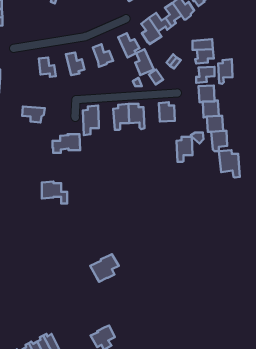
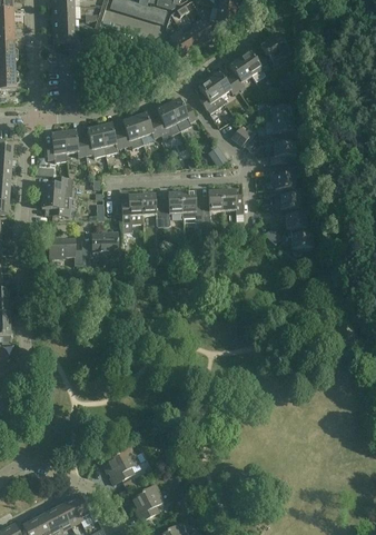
building: none -> [119,117,142,148]
building: [135,49,154,75] -> [155,103,179,138]
building: none -> [82,126,105,157]
building: none -> [44,131,66,161]
building: [218,59,233,84] -> none
building: none -> [41,177,71,197]
building: none -> [140,194,162,227]
building: [177,137,193,162] -> [200,190,221,224]
building: [219,150,240,178] -> none
building: [42,182,67,203] -> [48,236,81,265]
building: [90,254,119,282] -> [100,446,138,483]

